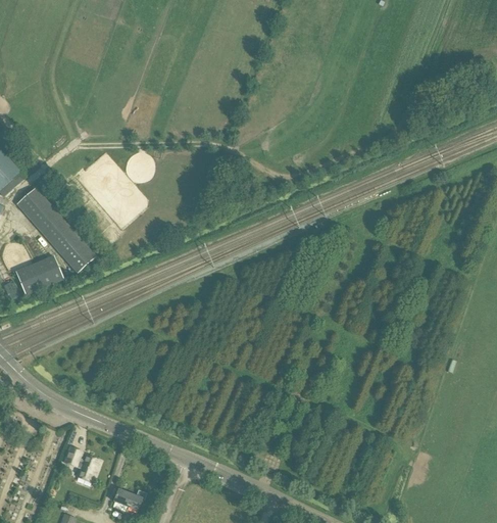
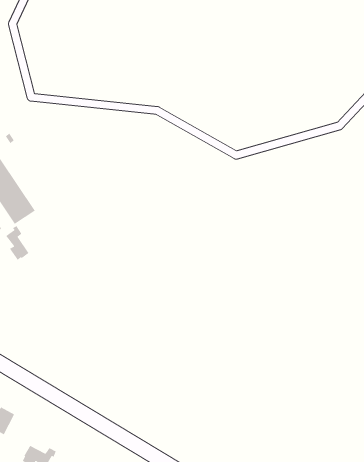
building: none -> [5,225,29,261]

